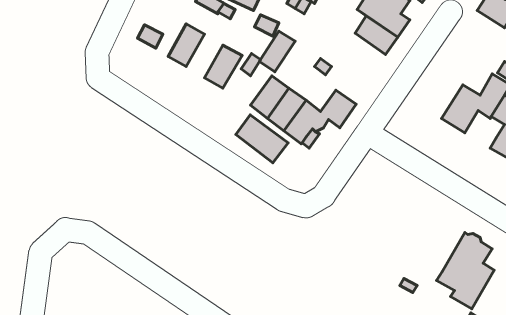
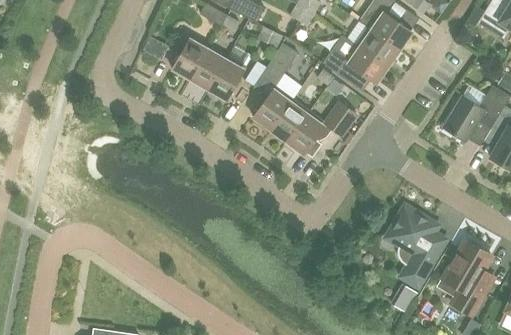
building: none -> [322,45,387,89]
building: none -> [191,46,227,89]
building: [236,115,288,163] -> none
building: none -> [385,205,447,288]

